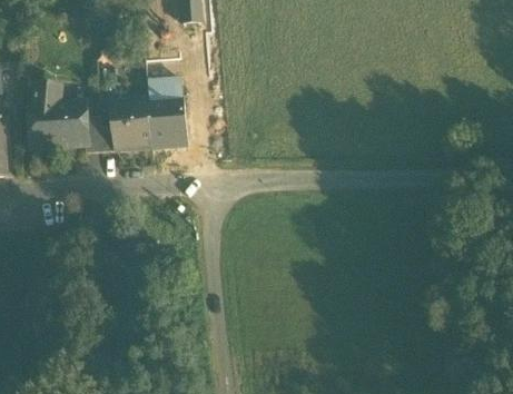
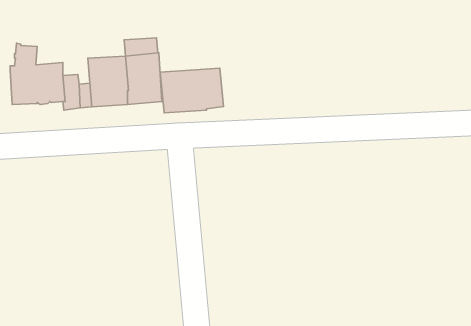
building: none -> [160,68,223,113]

